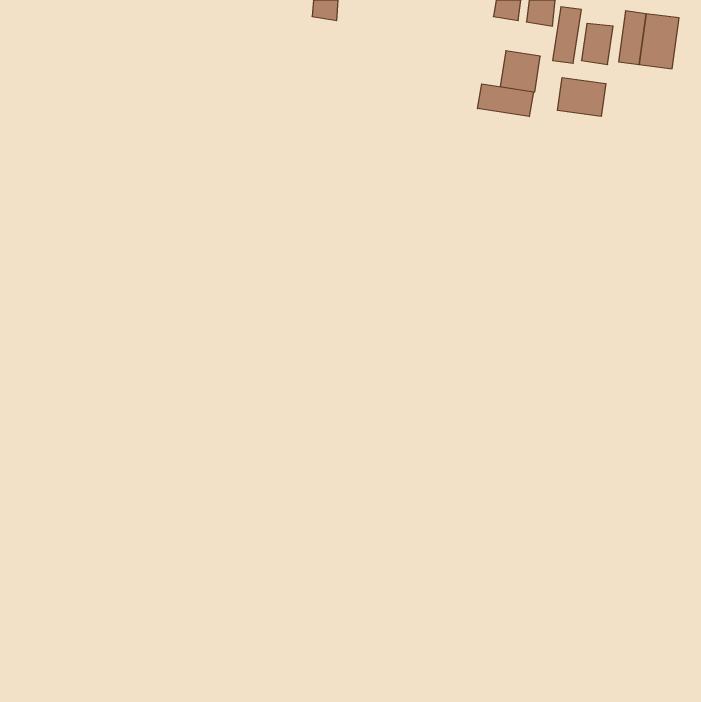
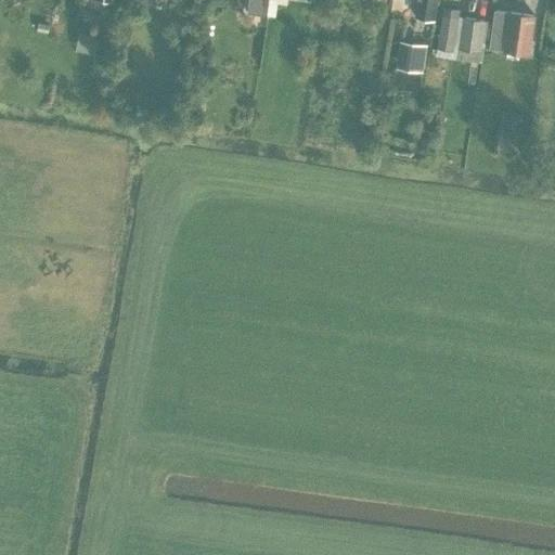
building: [558,78,606,116] -> none
building: [478,84,533,117] -> none

